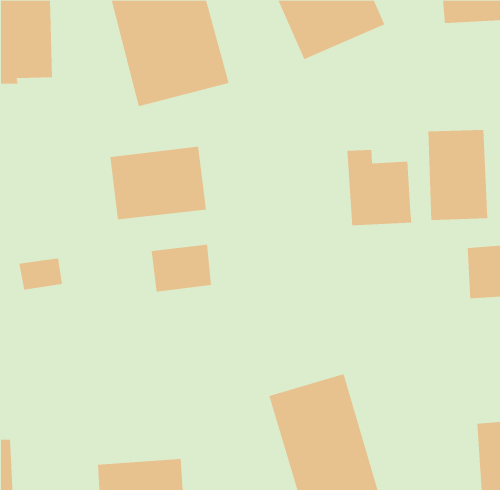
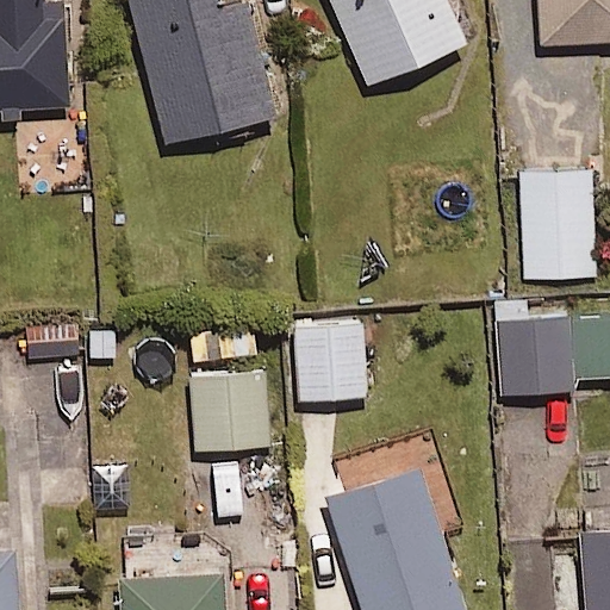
building: [110,146,206,220] -> none
building: [347,149,412,226] -> [493,300,573,393]
building: none -> [294,322,366,398]
building: none -> [188,369,269,448]

